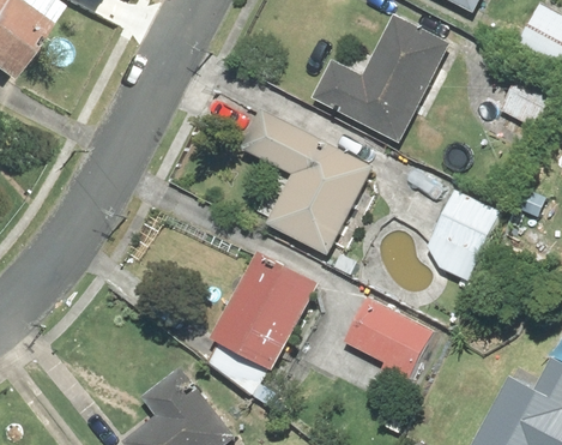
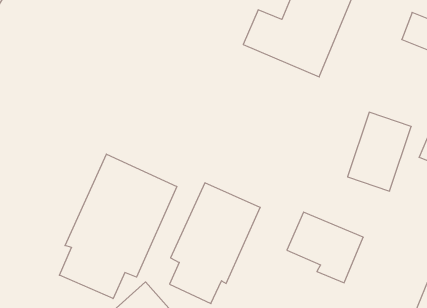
building: [246,107,376,255] -> none
building: none -> [59,154,177,299]

